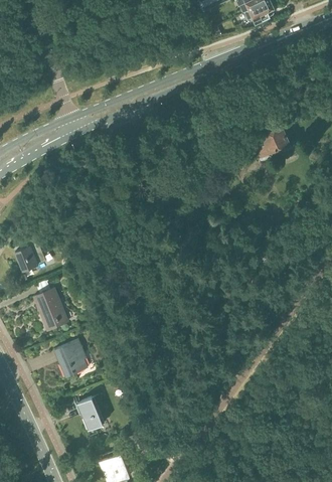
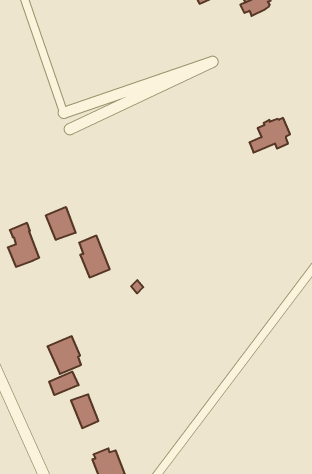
building: none -> [46,207,76,240]
building: [37,289,67,330] -> [79,236,110,277]
building: none -> [49,372,79,395]

